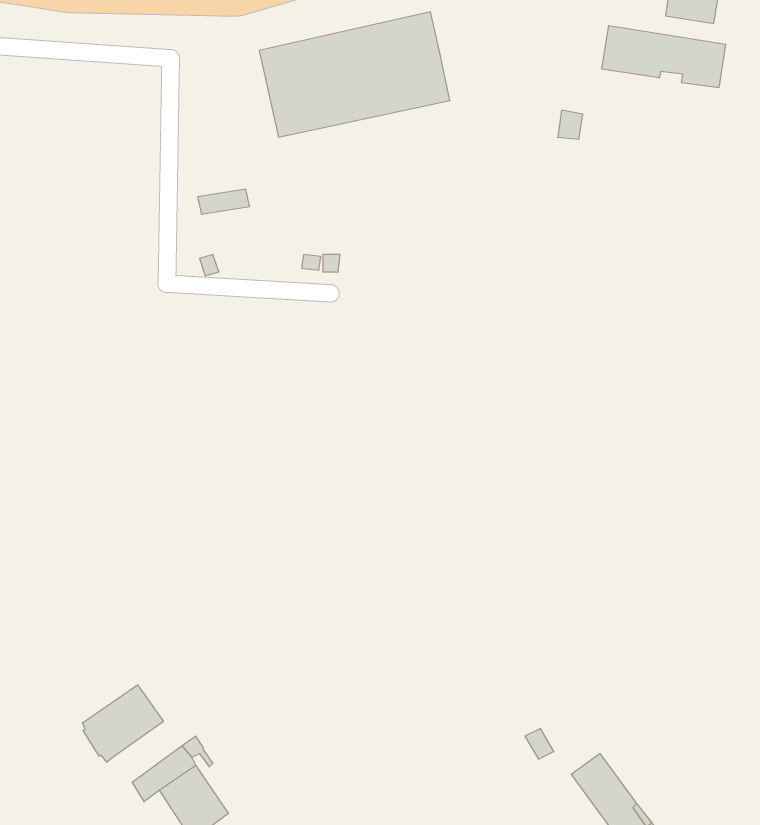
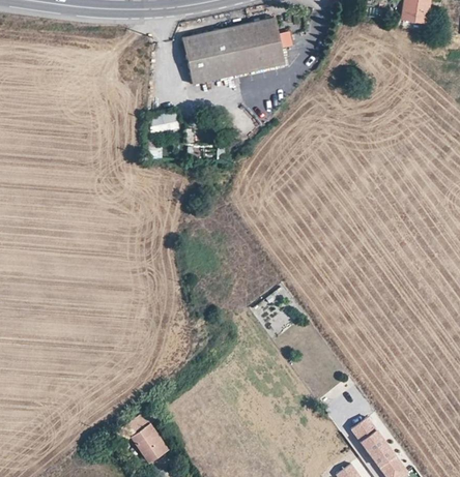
building: [602,26,726,88] -> none
building: [82,685,163,762] -> none

